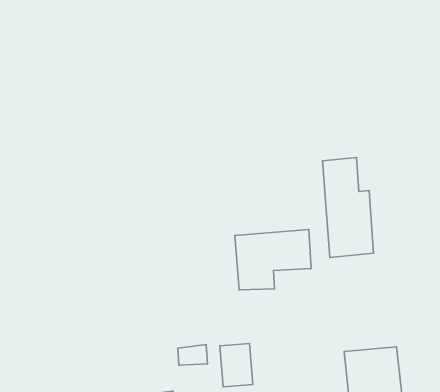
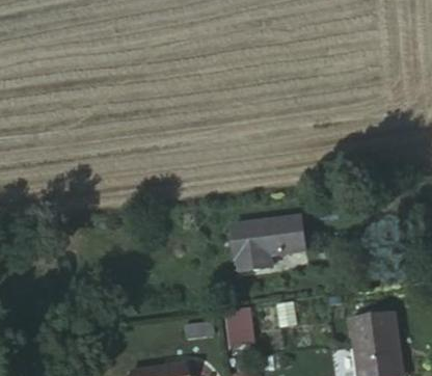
building: [323,157,374,257] -> none

